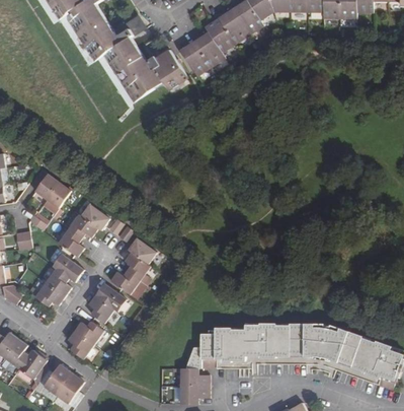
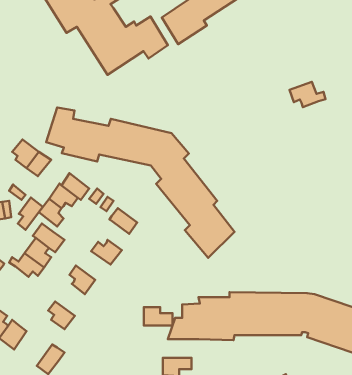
building: none -> [289,82,326,107]
building: none -> [46,108,235,258]
building: none -> [18,197,43,230]
building: [125,252,151,280] -> none
building: [95,284,126,312] -> none
building: [75,321,104,345] -> none
building: [44,364,72,395] -> none
building: [181,368,210,387] -> [144,307,173,326]

